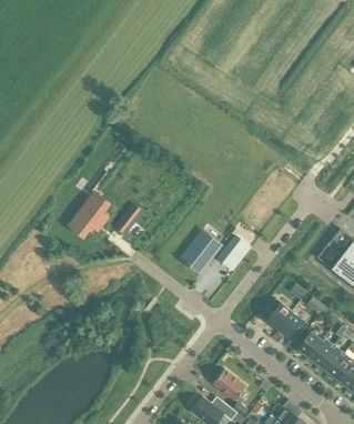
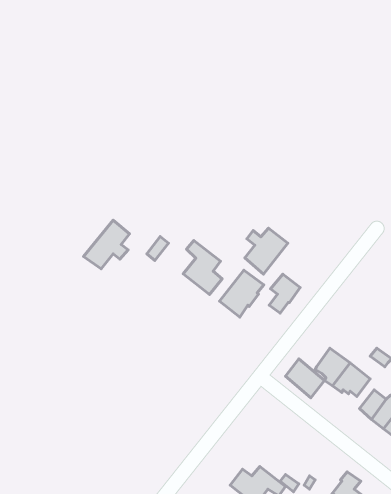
building: none -> [245,228,288,274]
building: none -> [183,240,222,294]
building: [213,367,245,400] -> [285,359,324,398]

